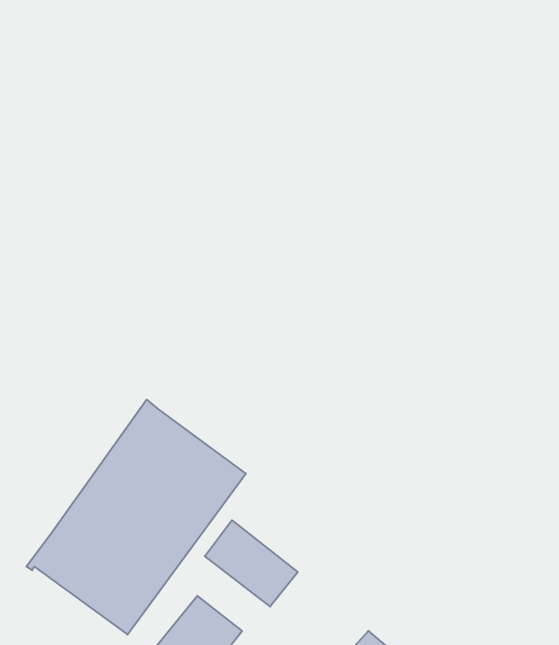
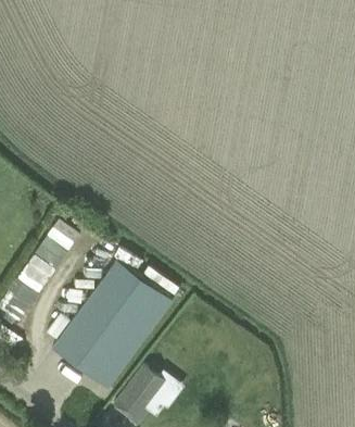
building: [205,520,298,607] -> none

